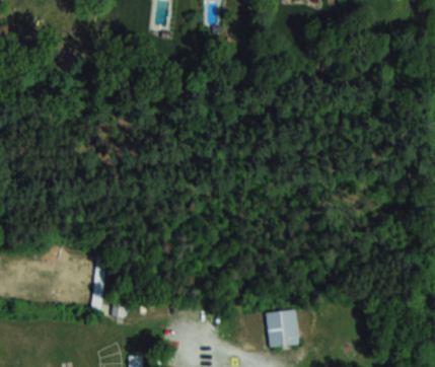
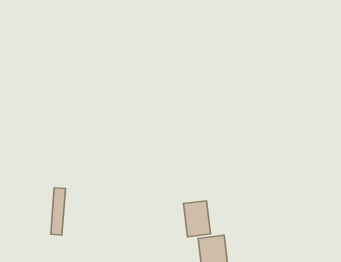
building: none -> [184,201,210,237]

